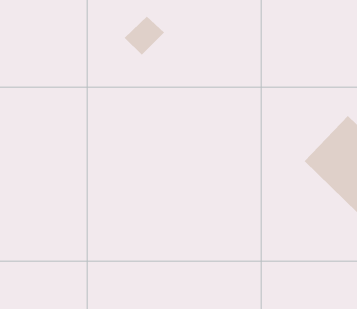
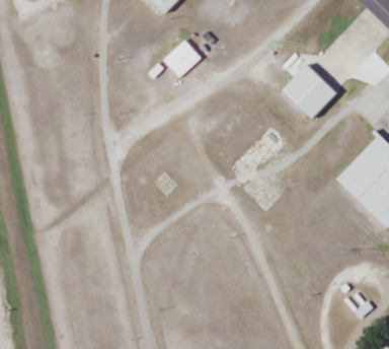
building: none -> [282,65,333,118]

